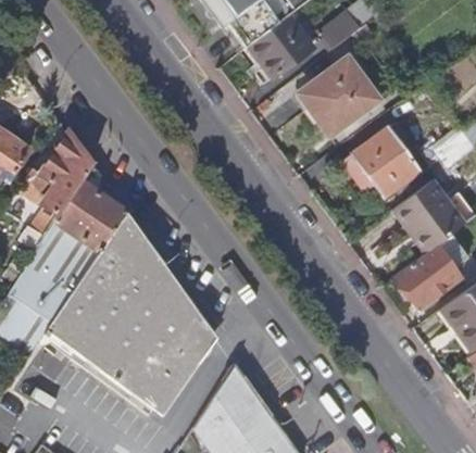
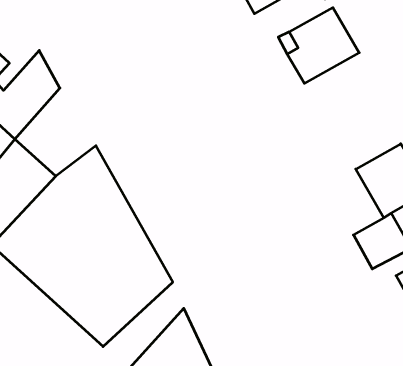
building: [339,125,417,196] -> none
building: [54,172,134,257] -> none

